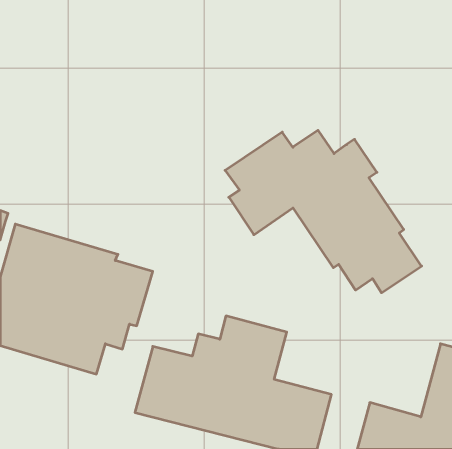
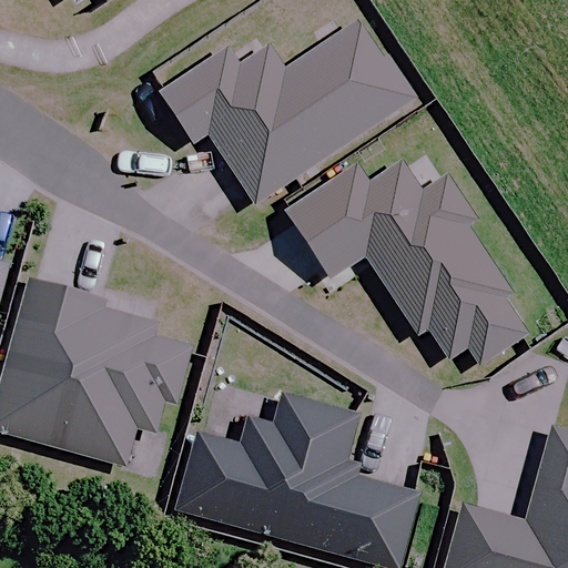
building: none -> [160,20,412,203]

